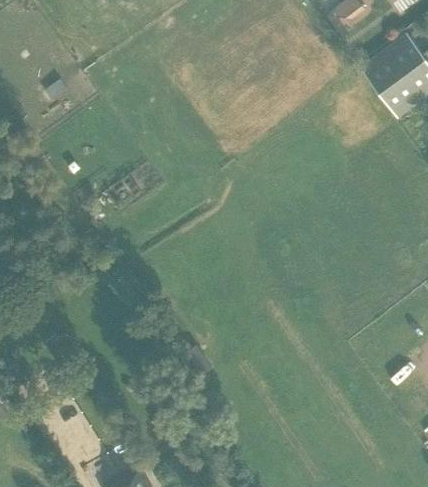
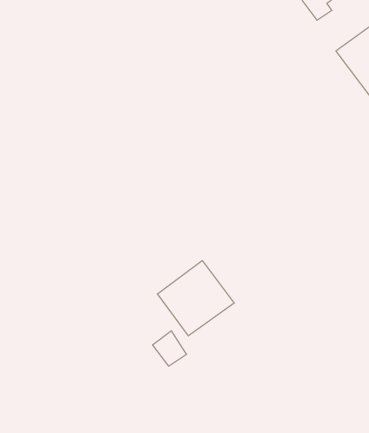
building: none -> [157,261,234,336]

